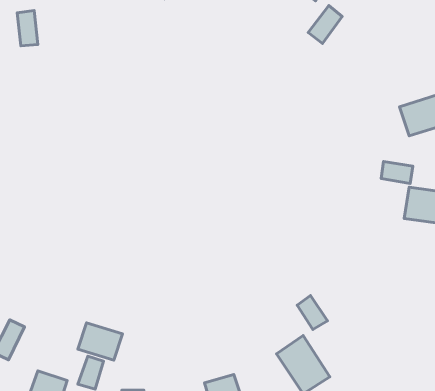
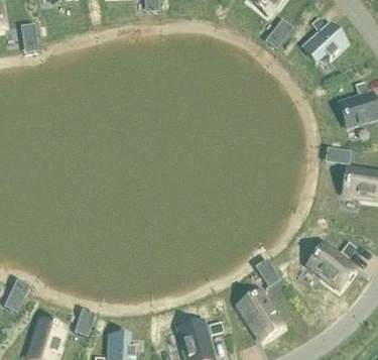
building: none -> [302,22,345,57]
building: none -> [306,242,353,286]
building: [78,323,123,360] -> none

